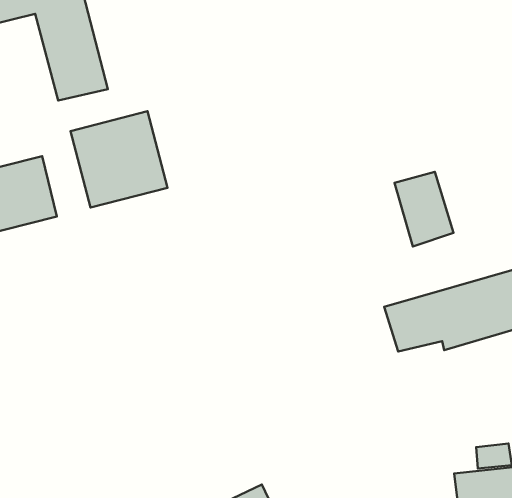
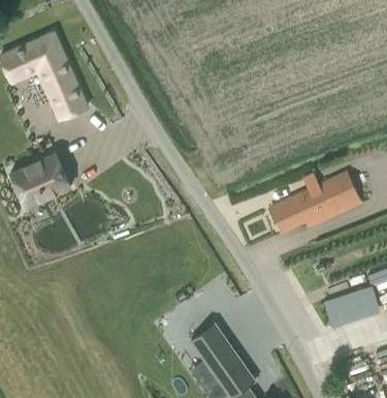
building: [70,111,168,208] -> none
building: [394,172,454,246] -> none

